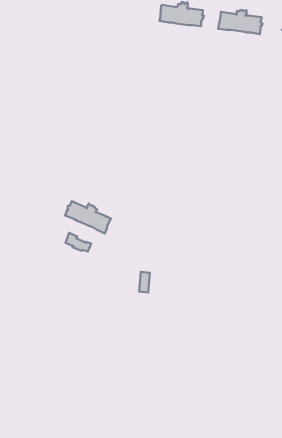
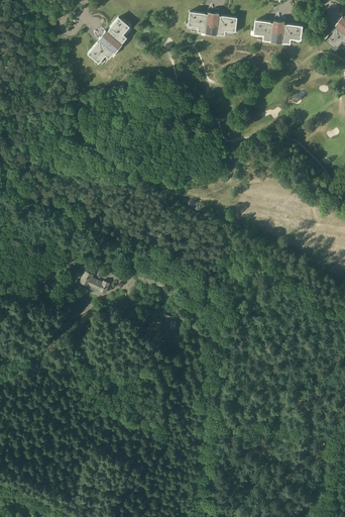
building: none -> [88,17,132,66]
building: [65,201,111,233] -> none

